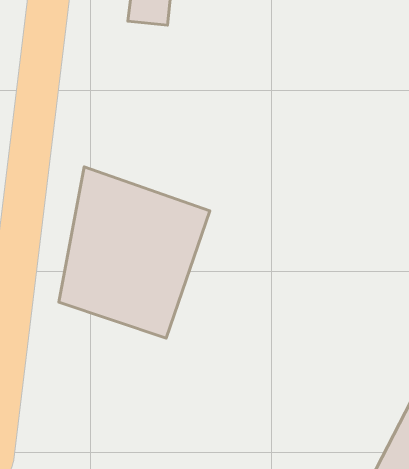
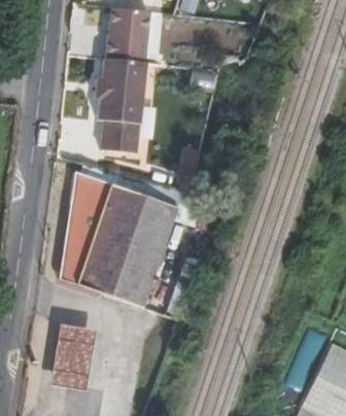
building: none -> [97,63,148,161]
building: none -> [47,321,95,389]

